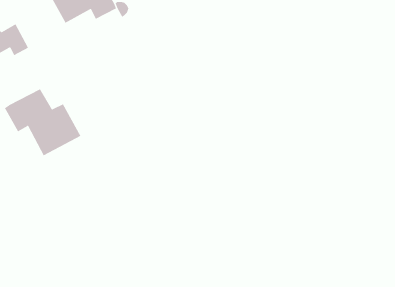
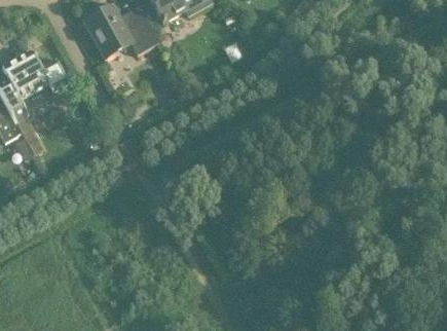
building: [4,88,81,156] -> none

